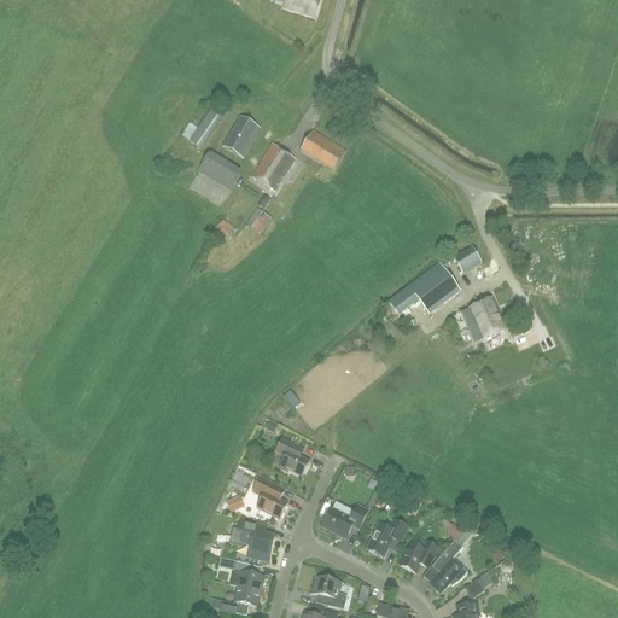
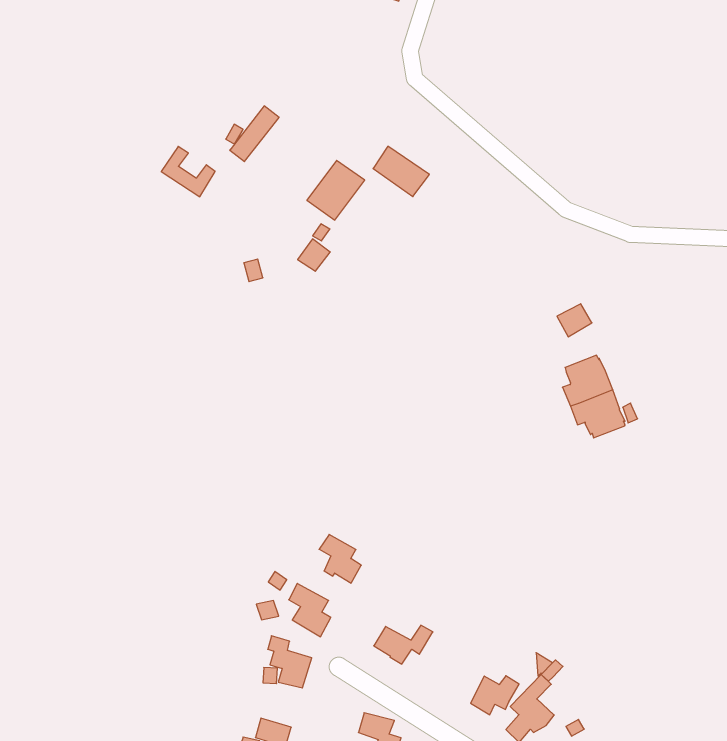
building: [222,113,261,156] -> none
building: [198,150,240,188] -> [161,146,215,197]
building: [387,261,461,314] -> none
building: [367,518,408,555] -> none
building: [231,559,264,590] -> none

